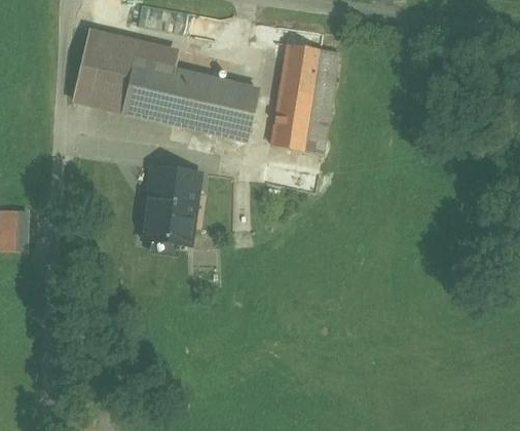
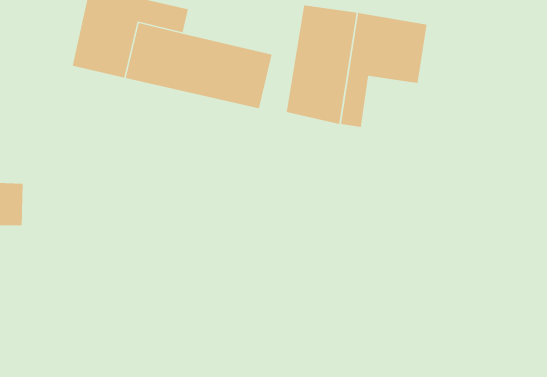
building: none -> [340,12,428,128]
building: [140,164,202,247] -> none

